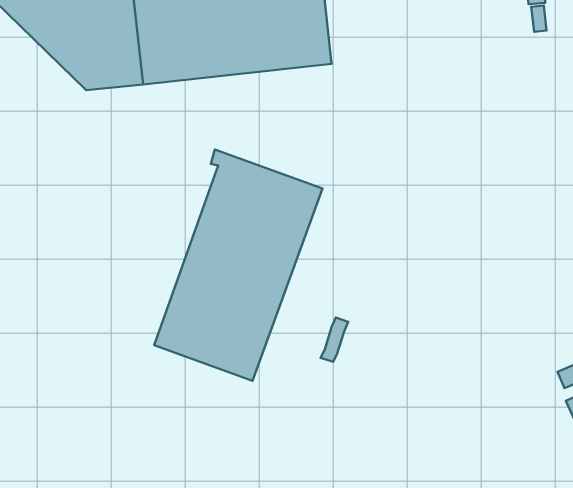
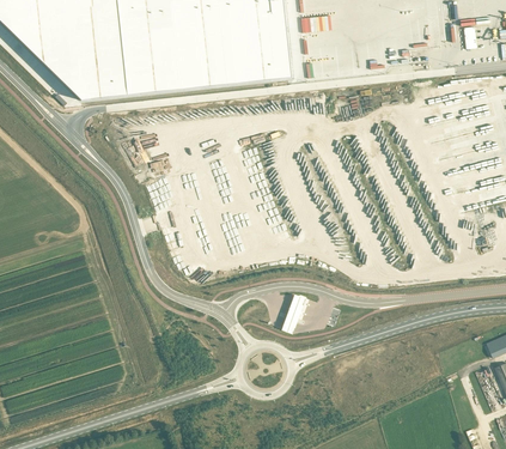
building: [154,149,322,381] -> none

